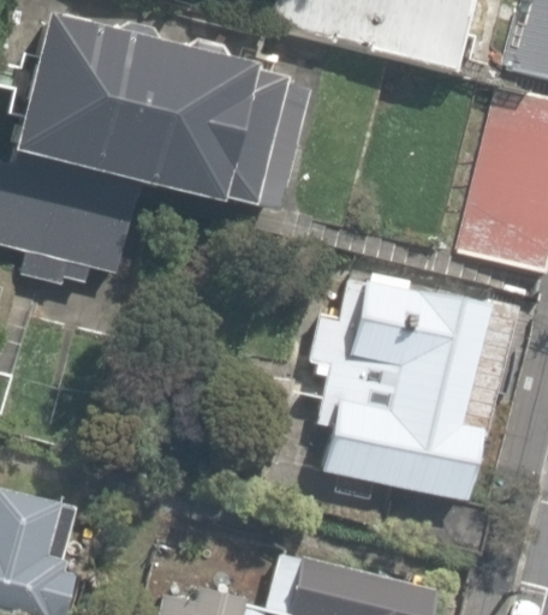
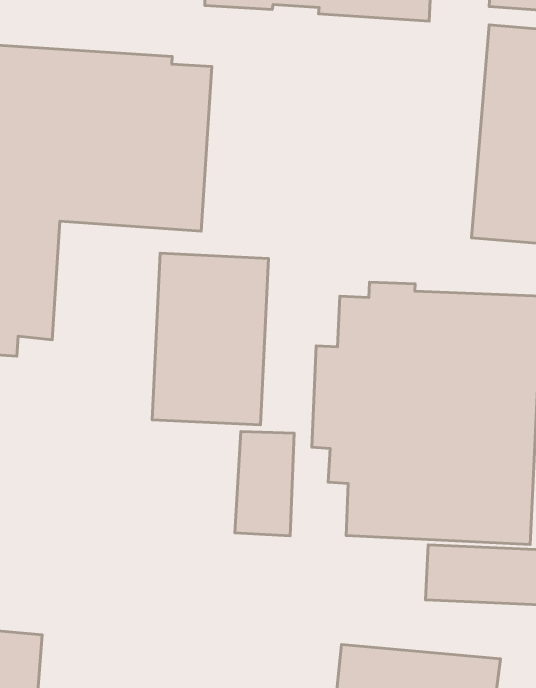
building: none -> [152,253,268,425]

